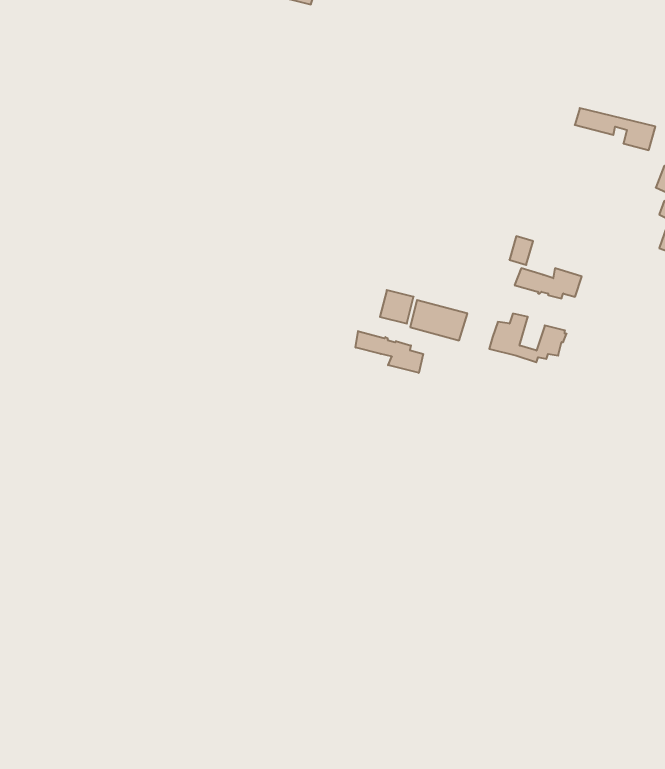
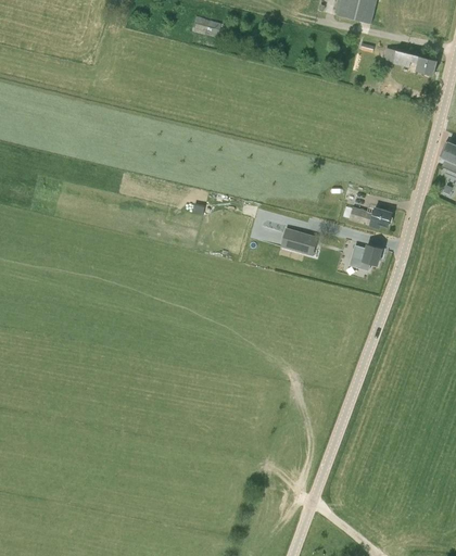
building: [575,108,655,150] -> [385,48,438,75]
building: [356,331,423,373] -> none

